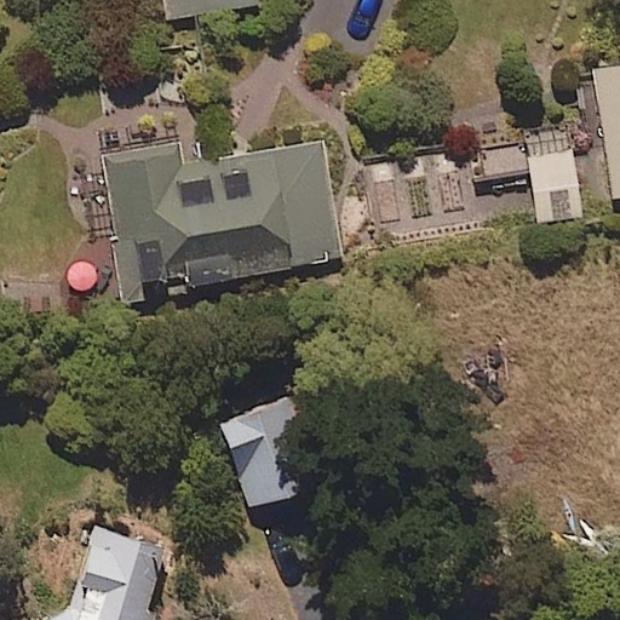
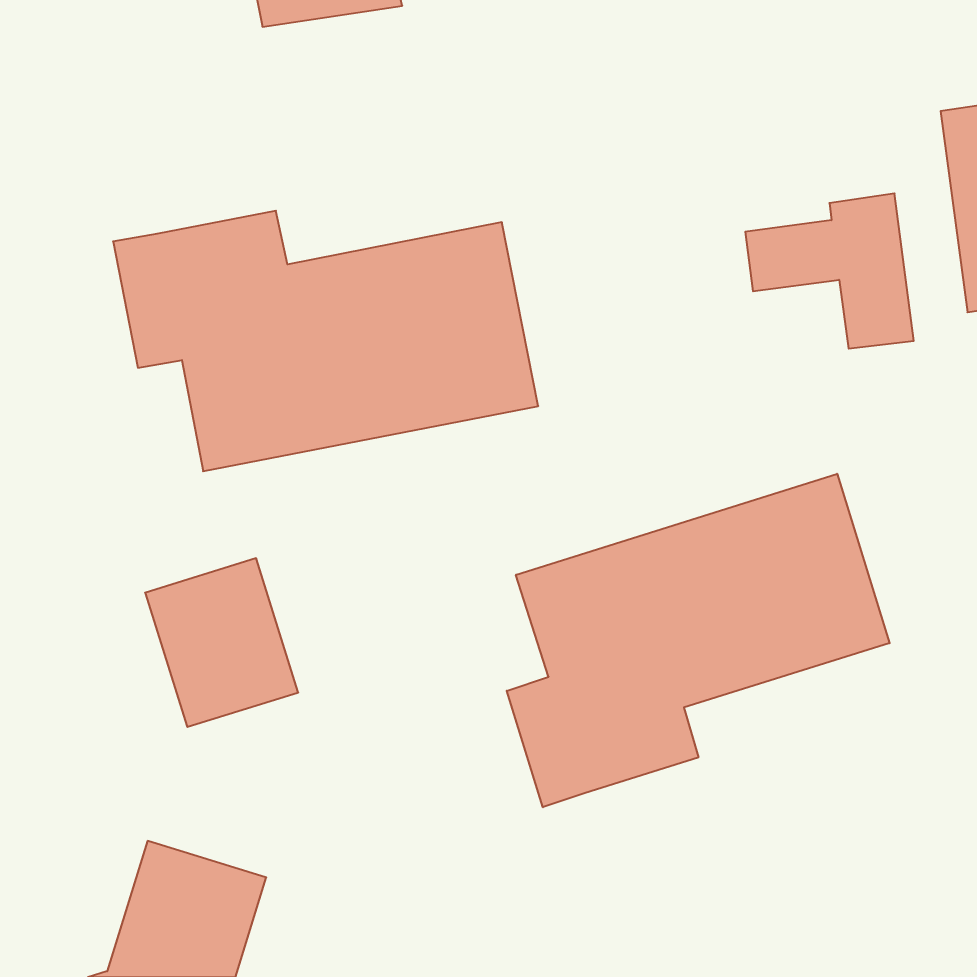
building: none -> [507,474,890,807]
building: [219,402,316,509] -> [145,558,298,727]

